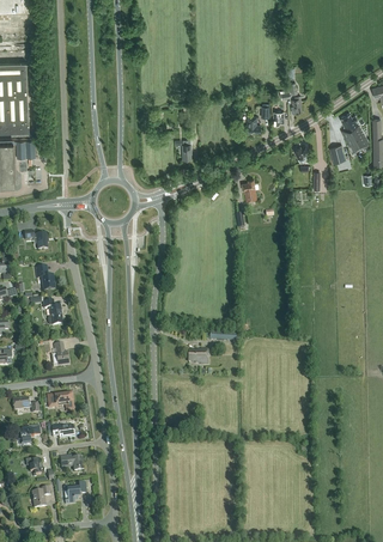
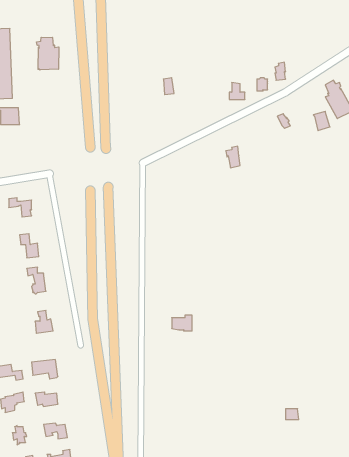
building: none -> [37,37,59,70]

